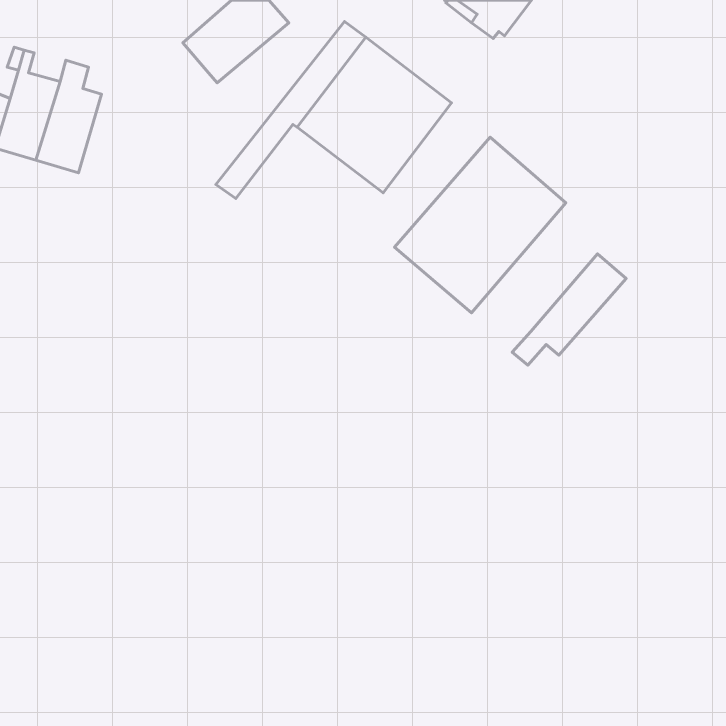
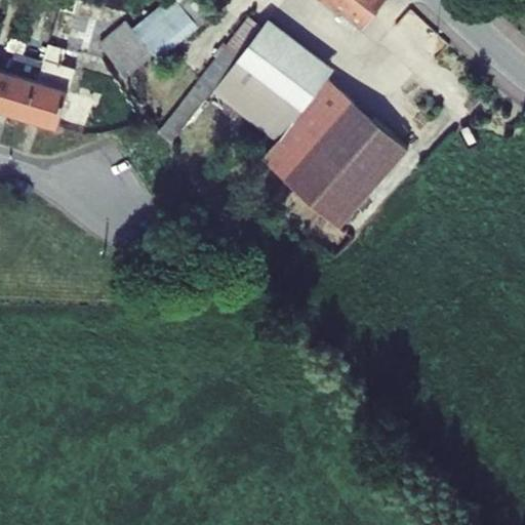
building: none -> [96,25,150,78]
building: none -> [275,77,346,158]
building: [512,254,626,365] -> none

